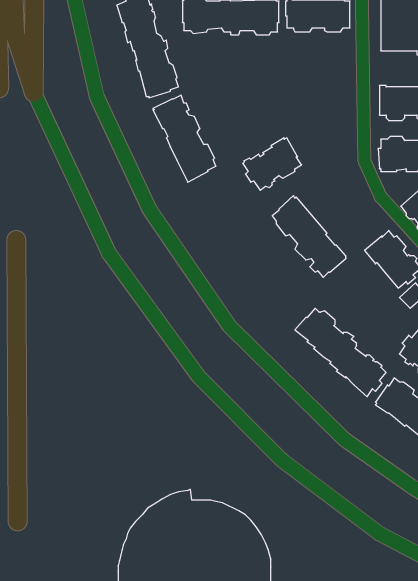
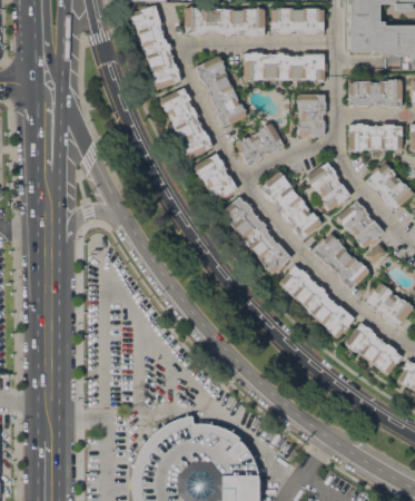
building: none -> [243,51,326,81]
building: none -> [196,56,247,127]
building: none -> [297,94,326,139]
building: none -> [194,154,237,203]
building: none -> [306,163,350,210]
building: none -> [221,197,290,275]
building: none -> [313,234,368,289]

